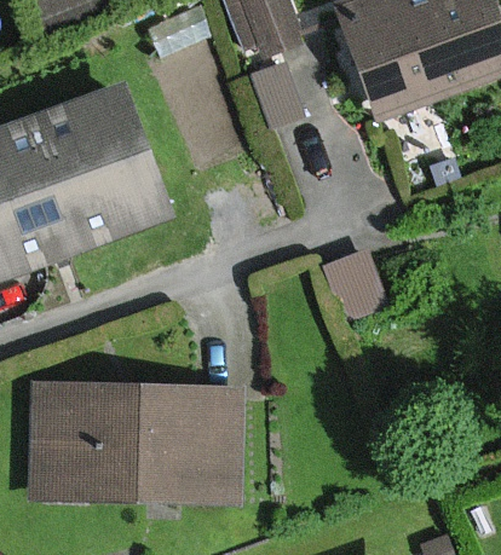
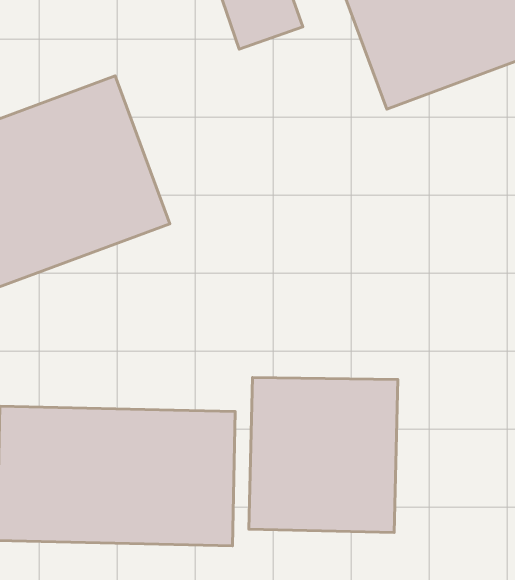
building: none -> [249,378,398,532]

